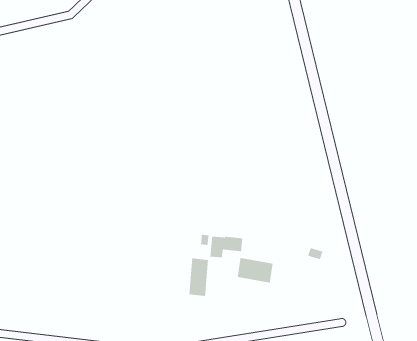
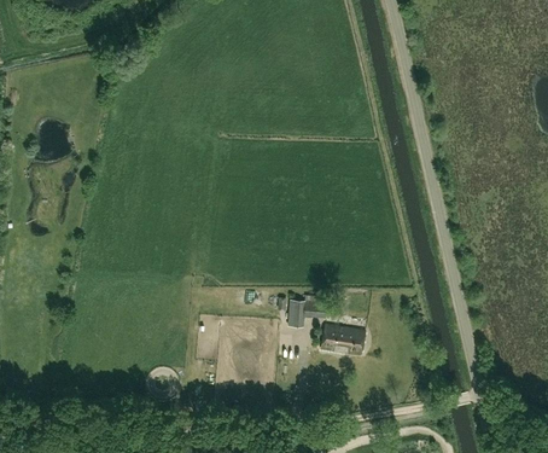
building: [189,258,209,297] -> none

